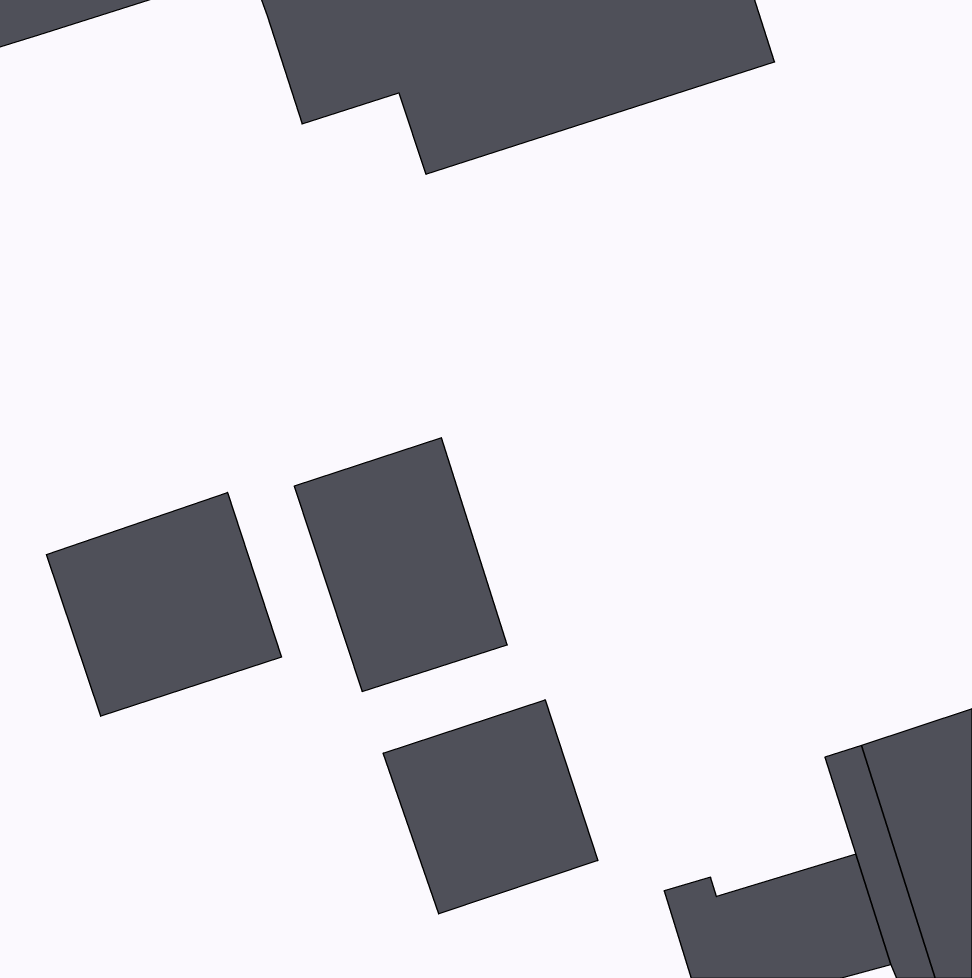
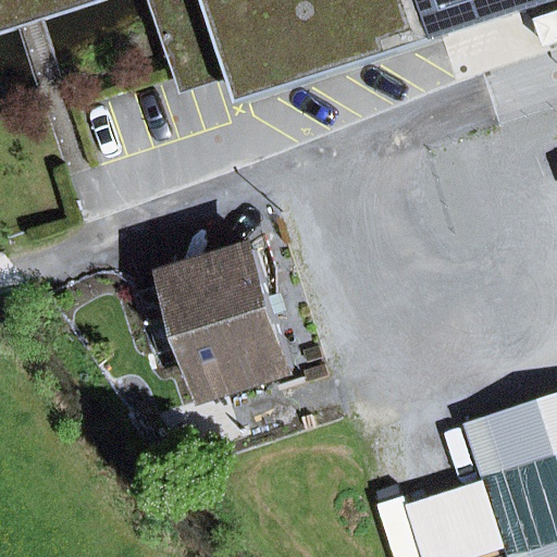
building: [46,492,282,716] -> none
building: [383,700,598,914] -> none

